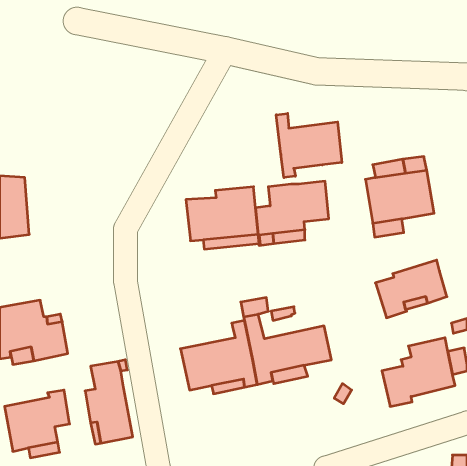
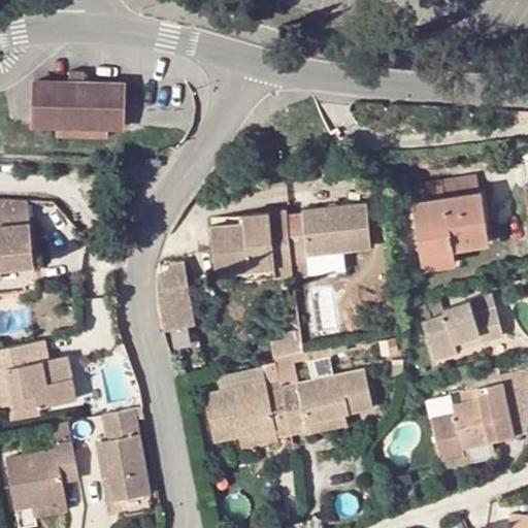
building: none -> [31,72,125,136]
building: [276,113,342,178] -> none
building: none -> [157,264,193,330]

